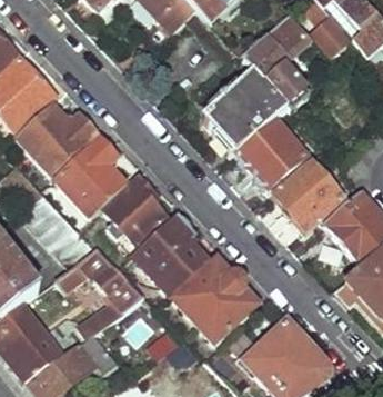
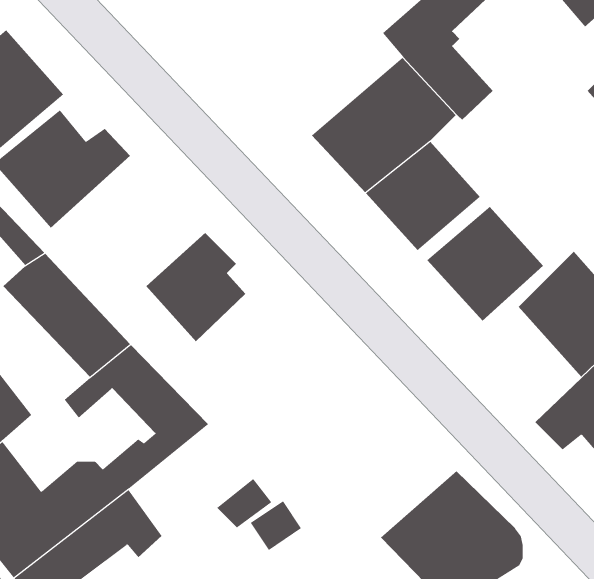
building: [58,138,125,216] -> none
building: [133,214,208,294] -> none
building: [172,258,259,343] -> none

